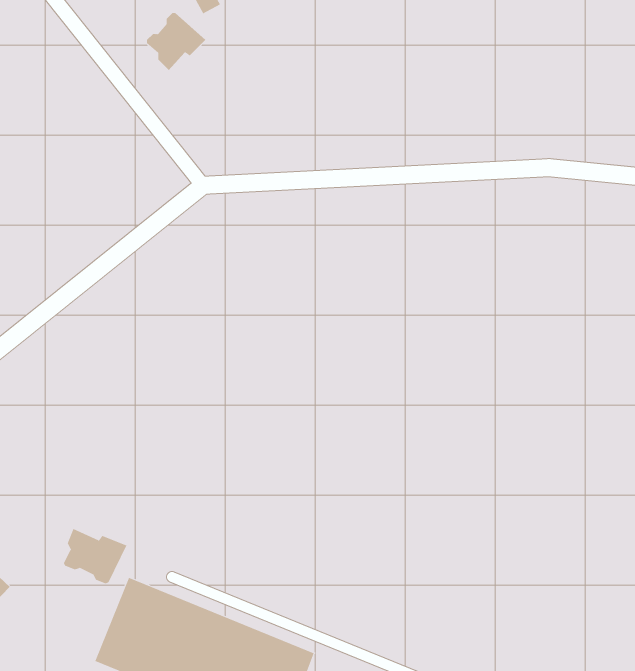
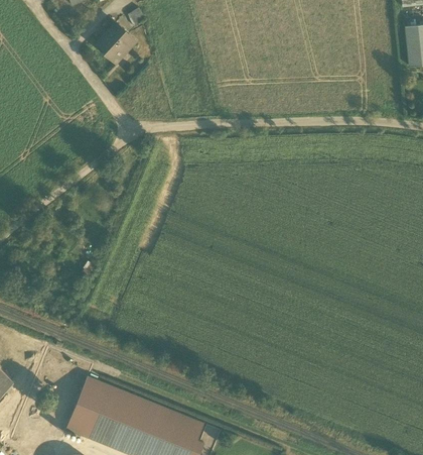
building: [63,528,127,584] -> none

